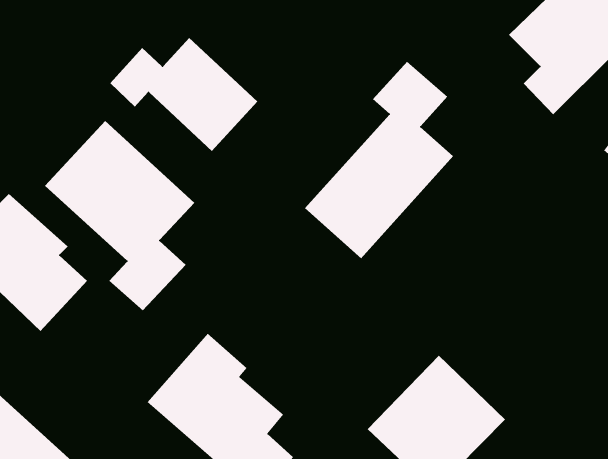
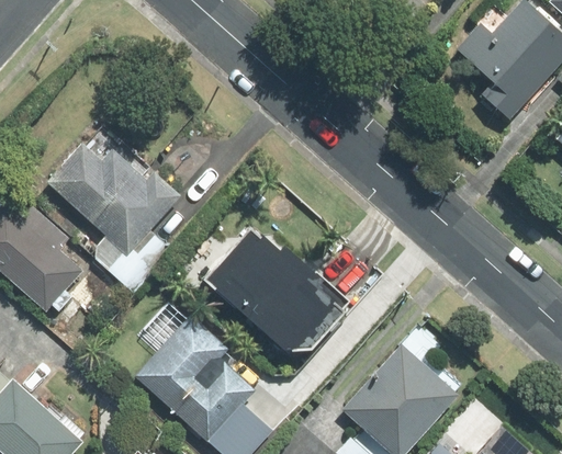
building: [109,37,258,152] -> none
building: [304,61,454,259] -> none
building: none -> [205,220,357,367]

